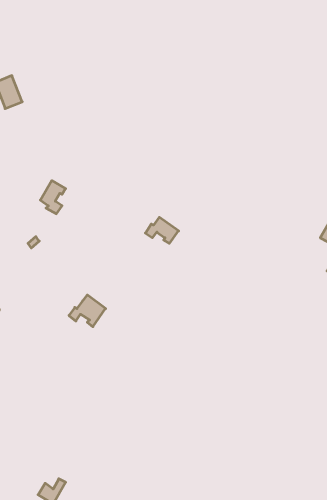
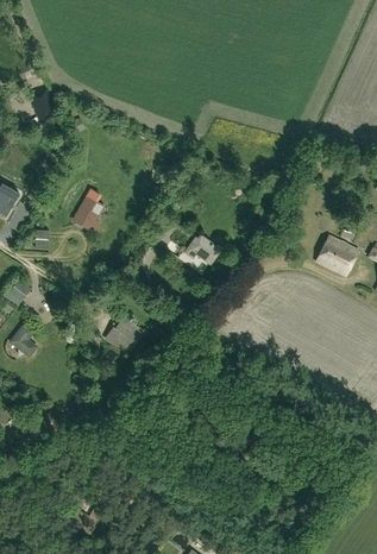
building: none -> [314,235,357,276]

